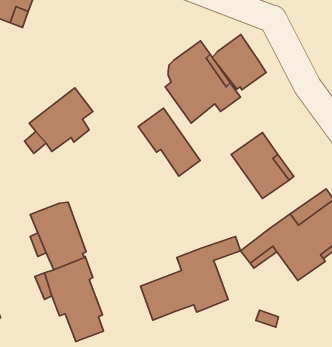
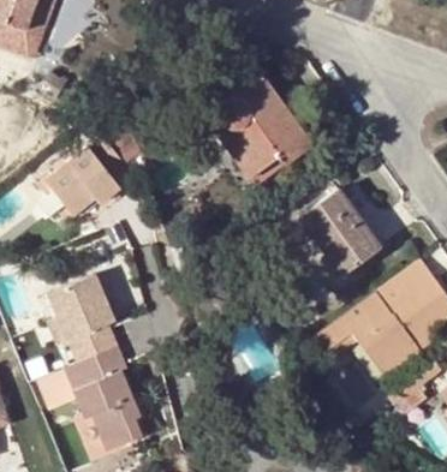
building: [212,35,266,90] -> none
building: [138,108,200,176] -> none
building: [140,236,241,320] -> none

